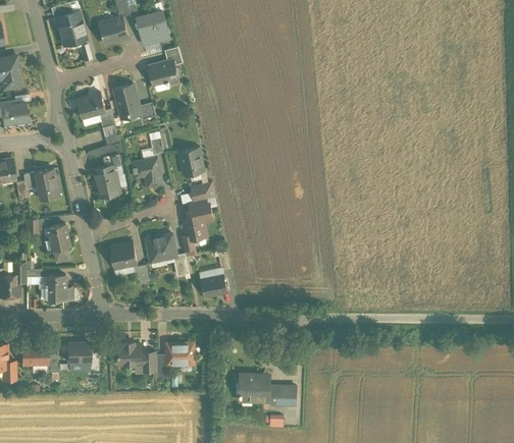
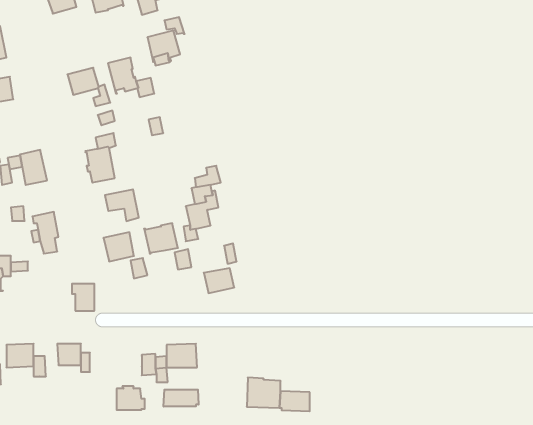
building: [179,147,203,174] -> none
building: [132,157,162,185] -> [105,189,139,221]
building: [44,274,64,298] -> [72,284,94,311]
building: [118,342,144,364] -> [117,386,145,410]
building: none -> [164,390,199,407]

